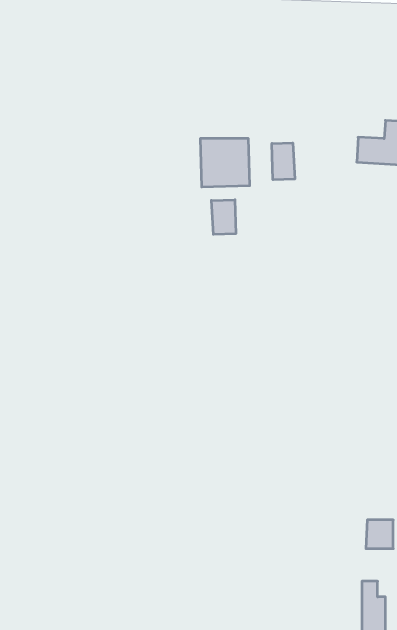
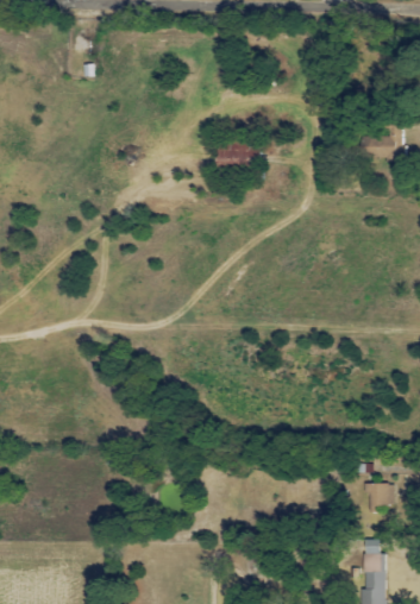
building: [272,143,295,180] -> none
building: [211,200,236,234] -> none

